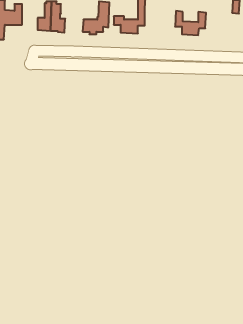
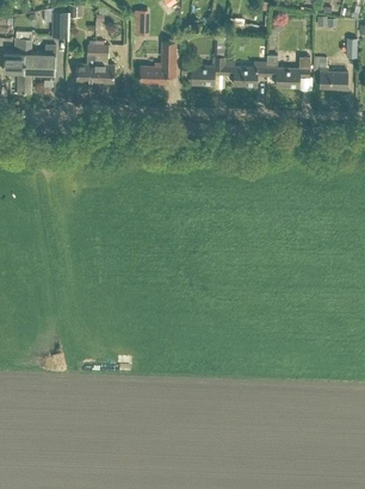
building: none -> [224,54,267,86]
building: none -> [313,62,347,89]

